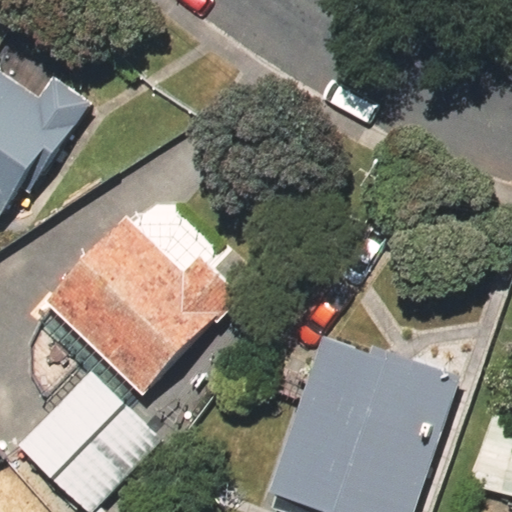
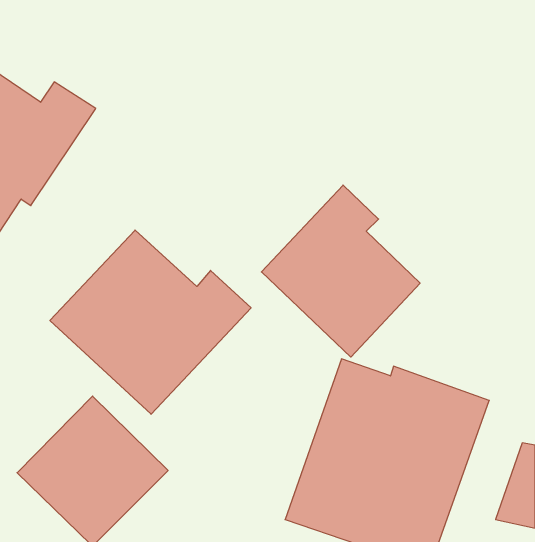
building: none -> [261,185,420,357]

